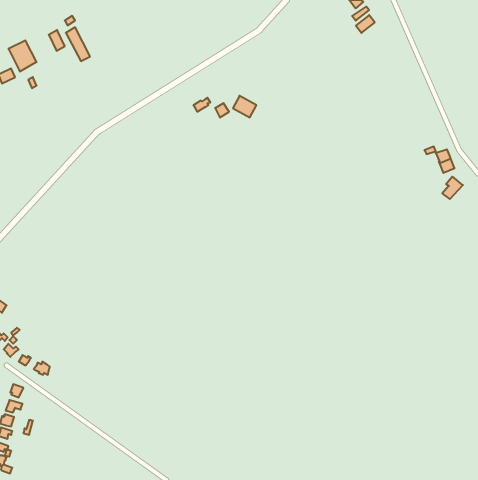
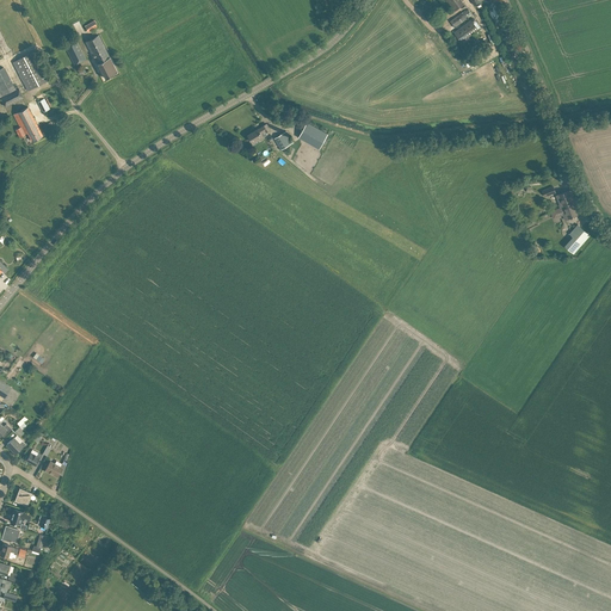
building: none -> [12,106,41,141]

